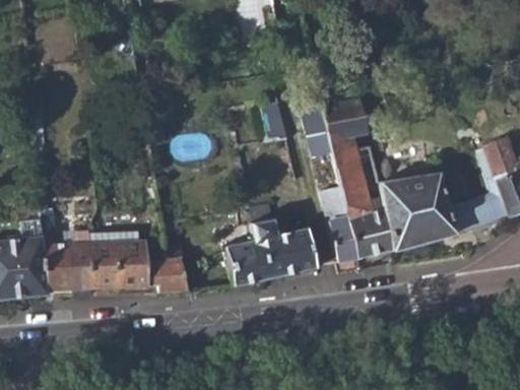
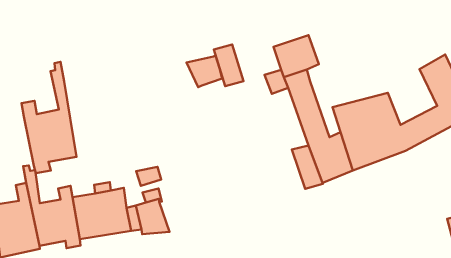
building: none -> [22,62,77,173]
building: none -> [186,55,222,87]
building: [225,203,318,286] -> none

